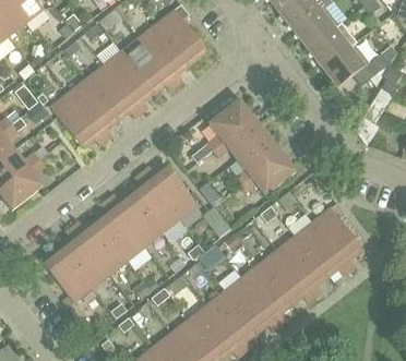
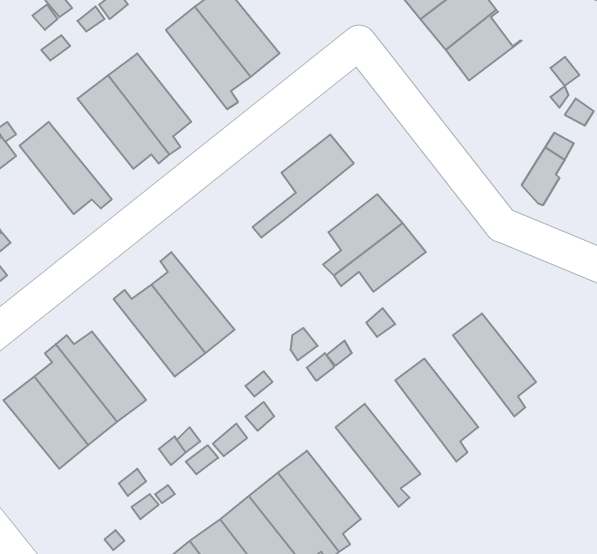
building: [122,36,177,92] -> none
building: [323,43,369,86] -> none
building: [69,77,120,139] -> none
building: [213,117,267,158] -> none
building: [143,163,199,217] -> none
building: [95,198,145,260] -> none
building: [296,220,350,276] -> none
building: [260,248,315,304] -> none
building: [225,276,280,332] -> none

